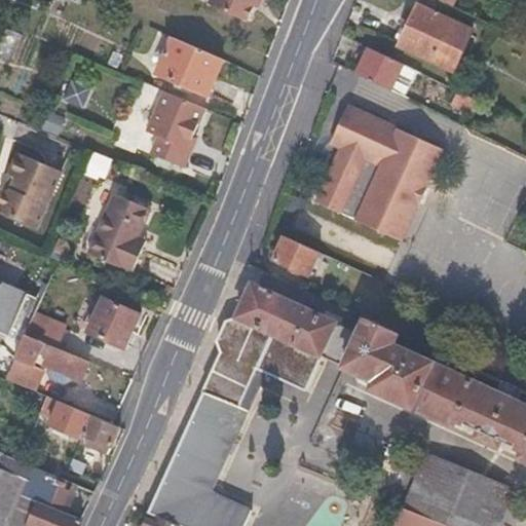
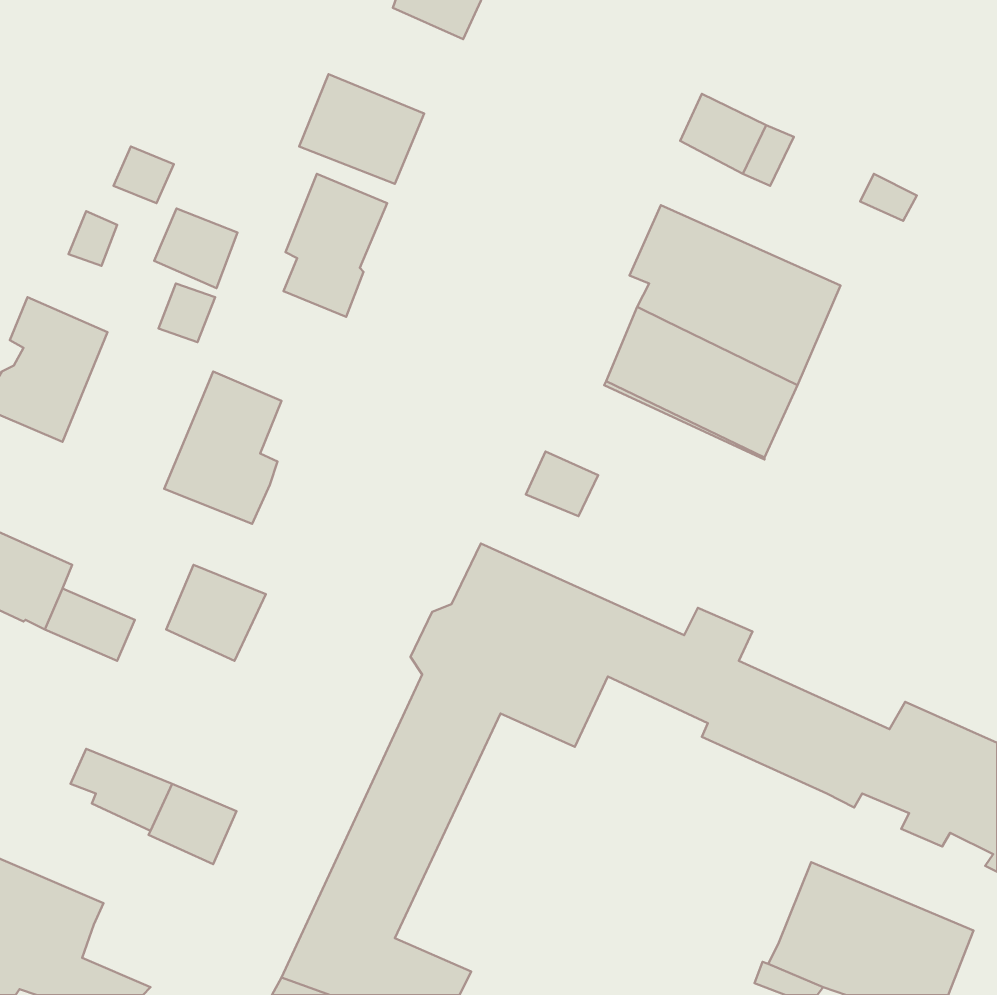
building: [399,4,474,73] -> none
building: none -> [154,209,238,288]
building: [5,331,87,389] -> none

